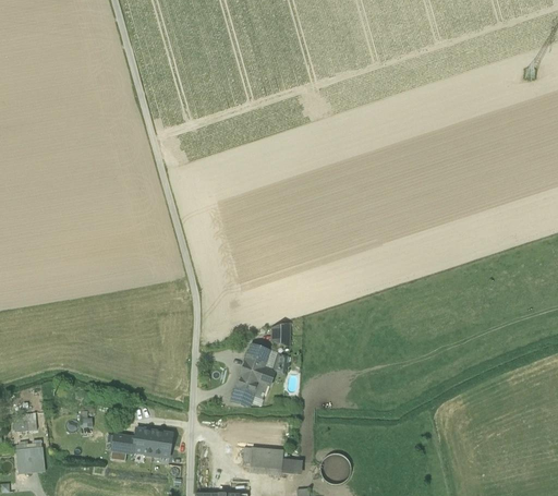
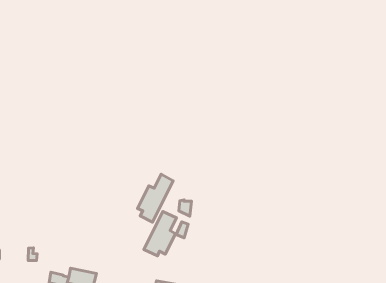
building: none -> [138,174,173,222]

